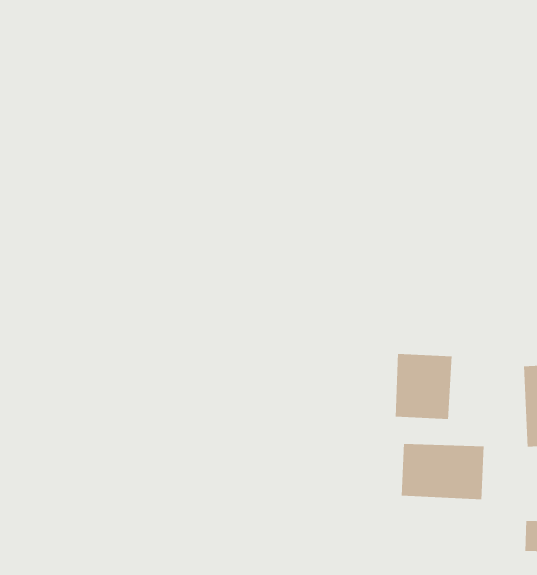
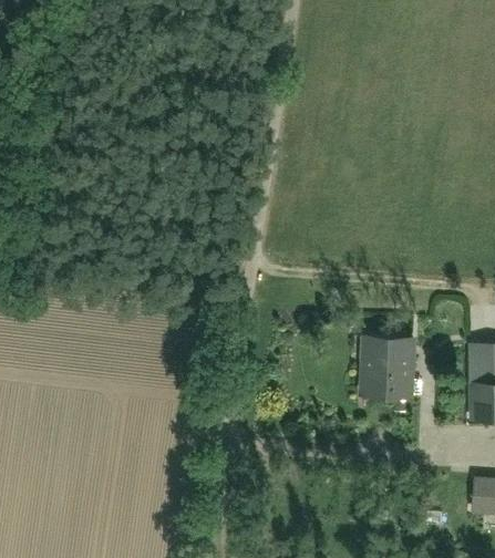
building: [401,443,485,500] -> none

